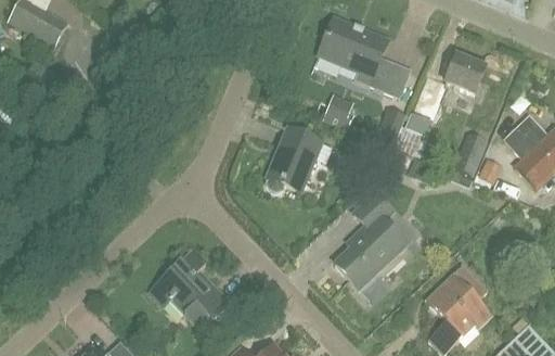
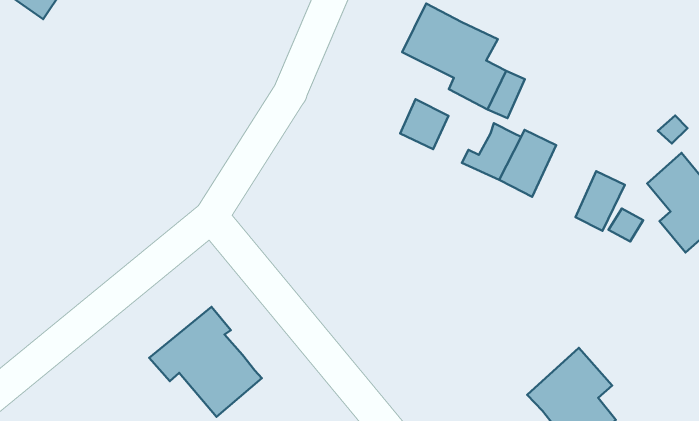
building: [444,55,483,93] -> none
building: [266,128,321,192] -> none
building: [335,192,406,289] -> none

